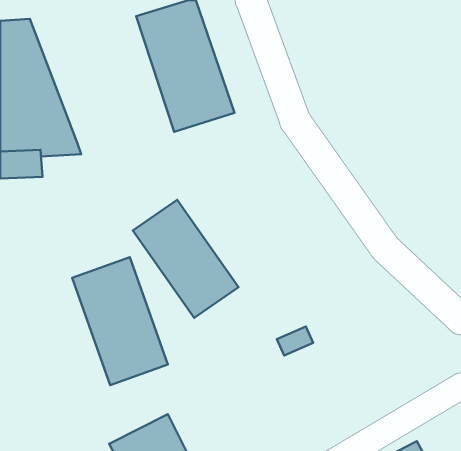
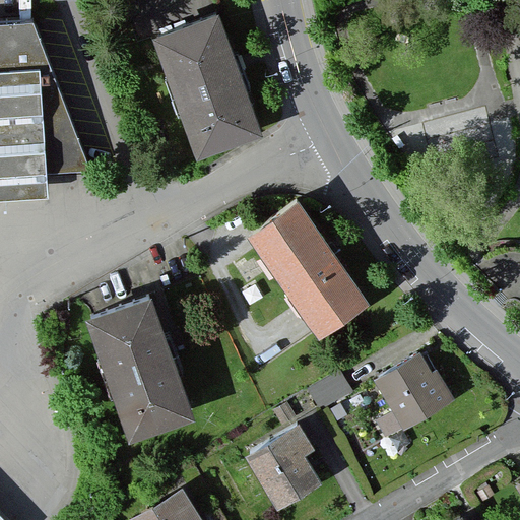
building: [133,200,238,318] -> [248,216,367,349]
building: none -> [370,345,453,427]
building: none -> [245,411,339,506]

